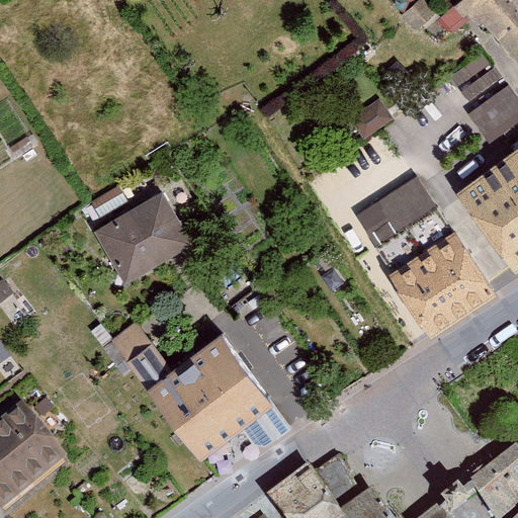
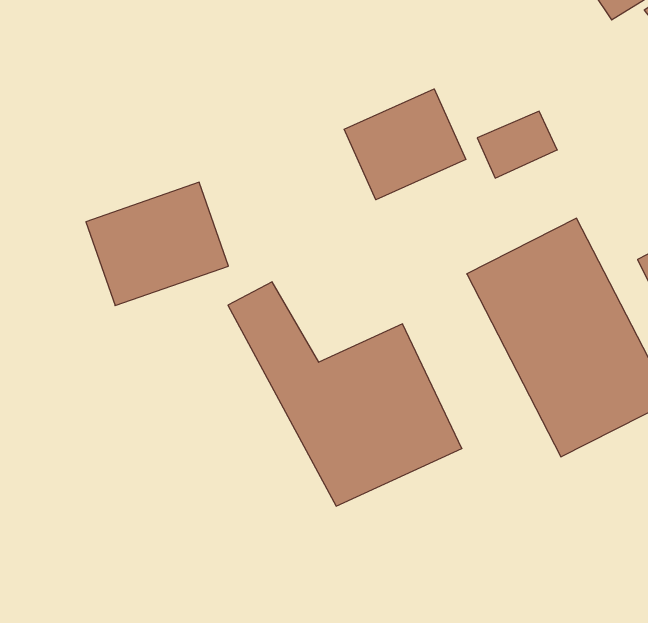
building: none -> [344,89,466,200]
building: [108,322,277,461] -> [228,282,462,506]

